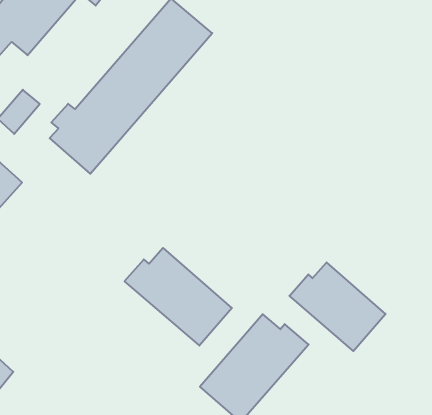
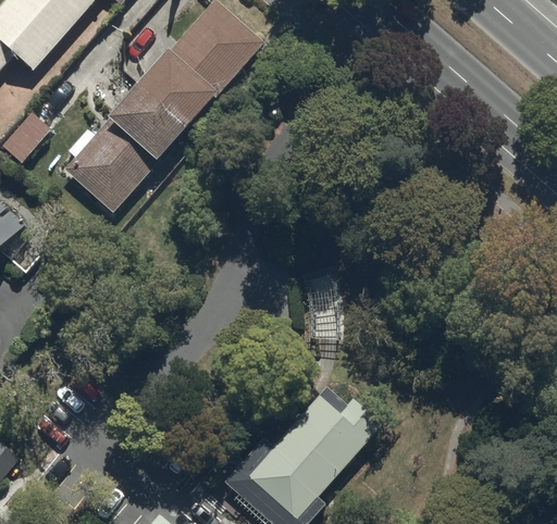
building: [125,248,232,346] -> none
building: [289,262,386,351] -> none

